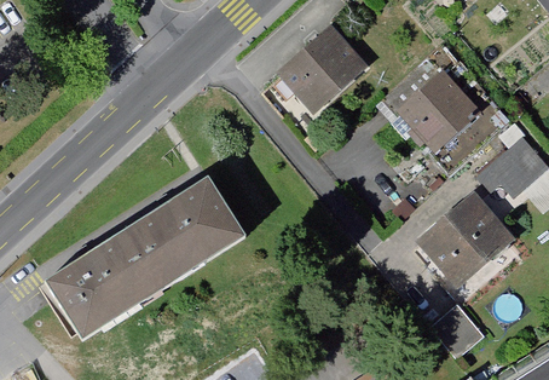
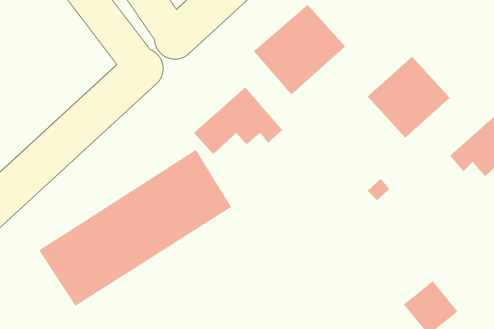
building: none -> [193,86,283,155]
building: [411,188,516,293] -> none

